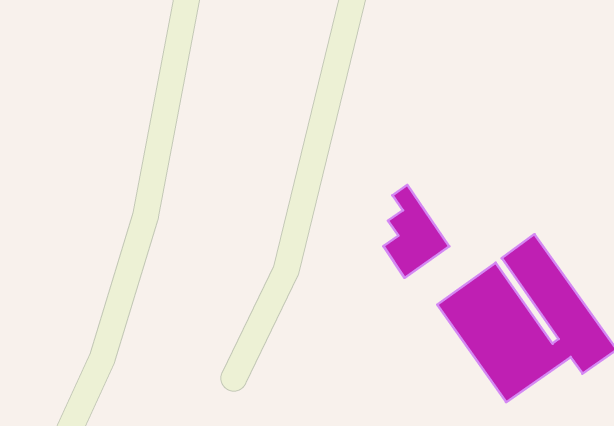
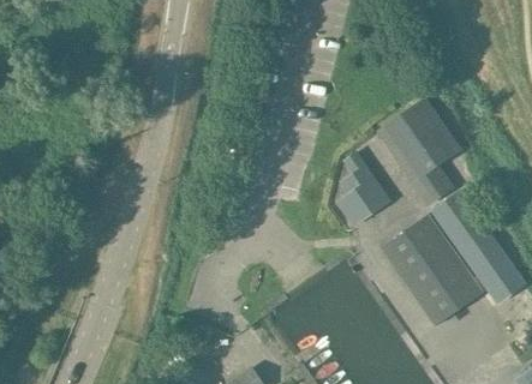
building: none -> [378,98,461,204]

